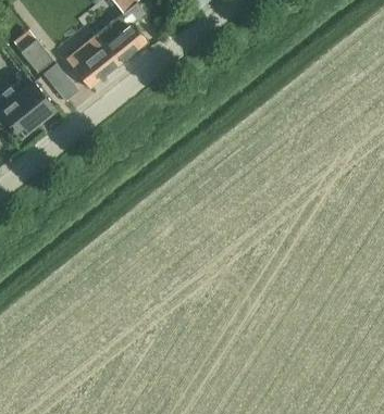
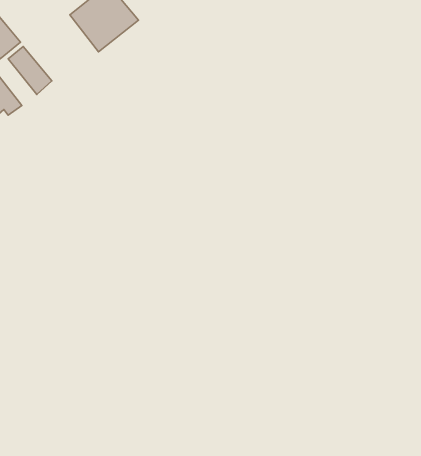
building: [66,39,115,89] -> none

